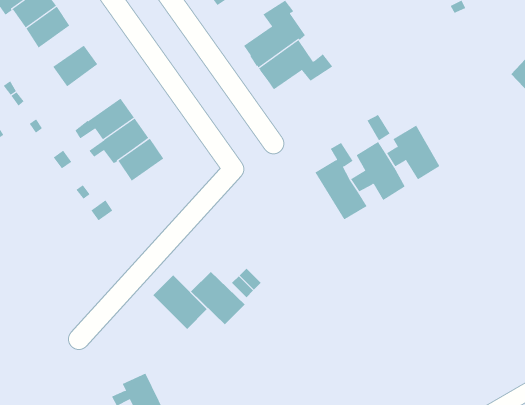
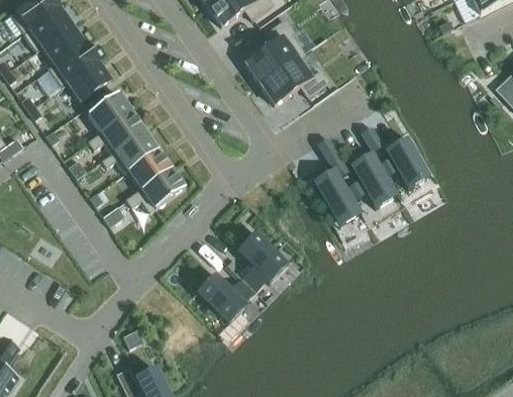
building: none -> [48,42,98,87]
building: none -> [89,90,132,131]
building: none -> [126,167,186,211]
building: [152,275,208,330] -> [237,230,289,282]

